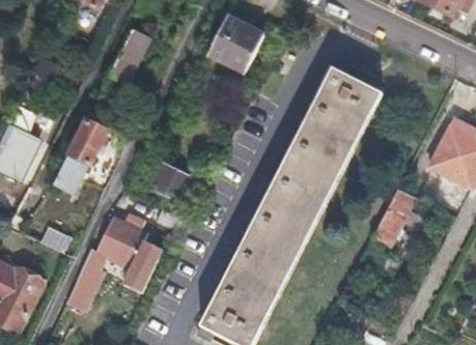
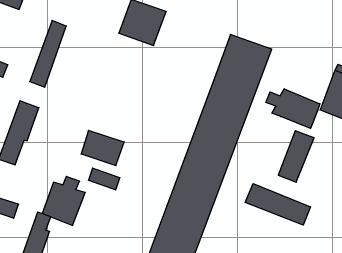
building: none -> [266,89,320,128]
building: [122,240,162,293] -> none
building: none -> [245,184,310,225]

